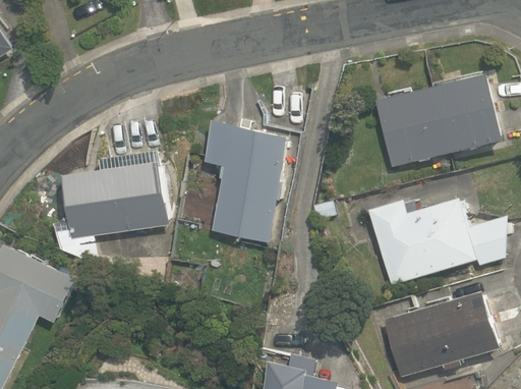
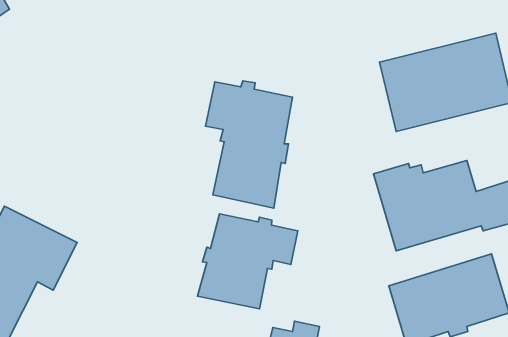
building: [51,149,169,265] -> none
building: none -> [197,214,298,309]

